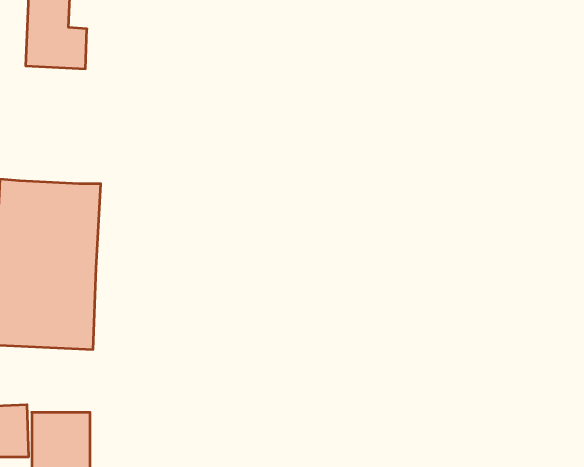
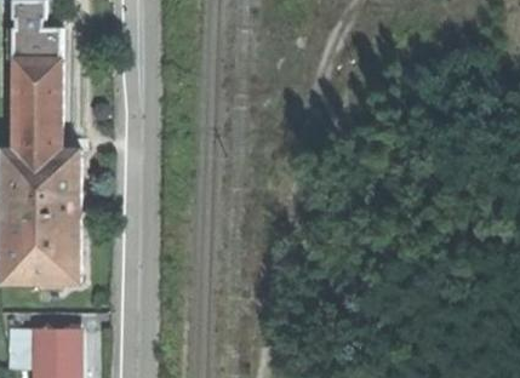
building: none -> [18,59,70,153]

